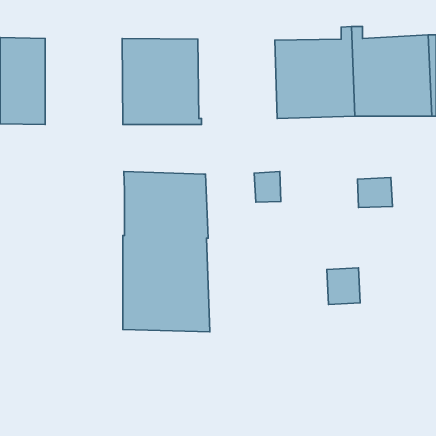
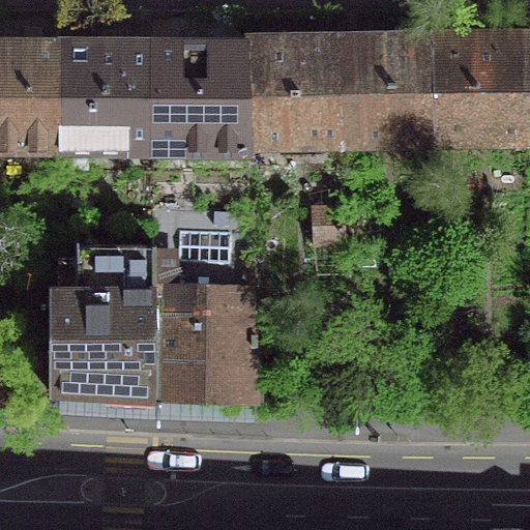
building: none -> [240,36,336,144]
building: none -> [55,47,149,151]
building: none -> [48,231,151,400]

